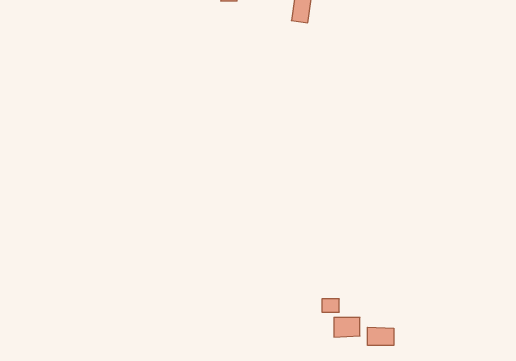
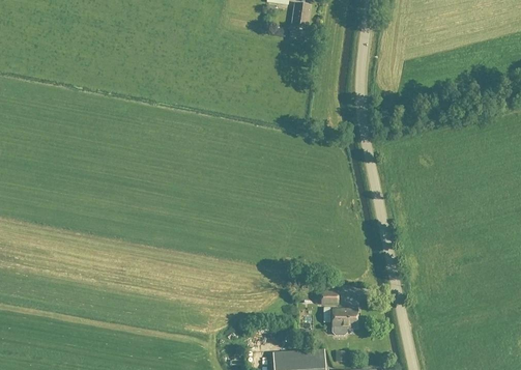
building: [368,327,394,345] -> none

